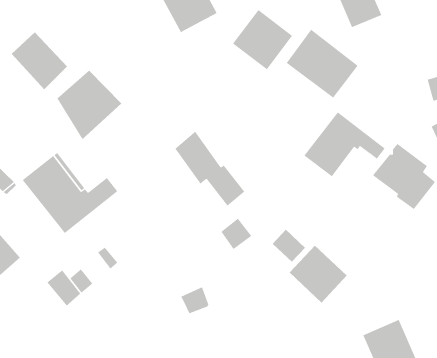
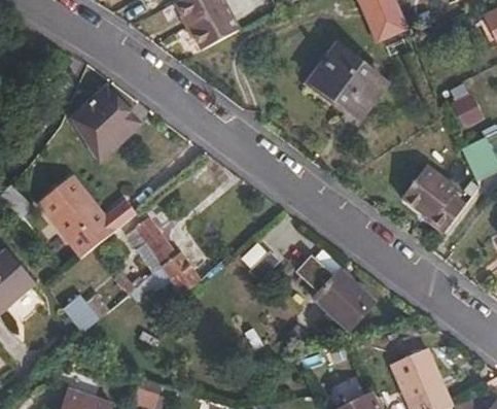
building: [232,9,293,70] -> none
building: [11,32,68,90] -> none
building: [304,111,385,177] -> none
building: [175,131,245,207] -> [128,215,201,294]

